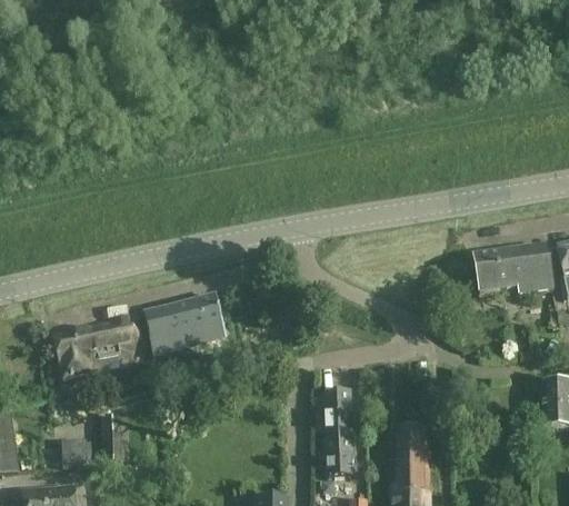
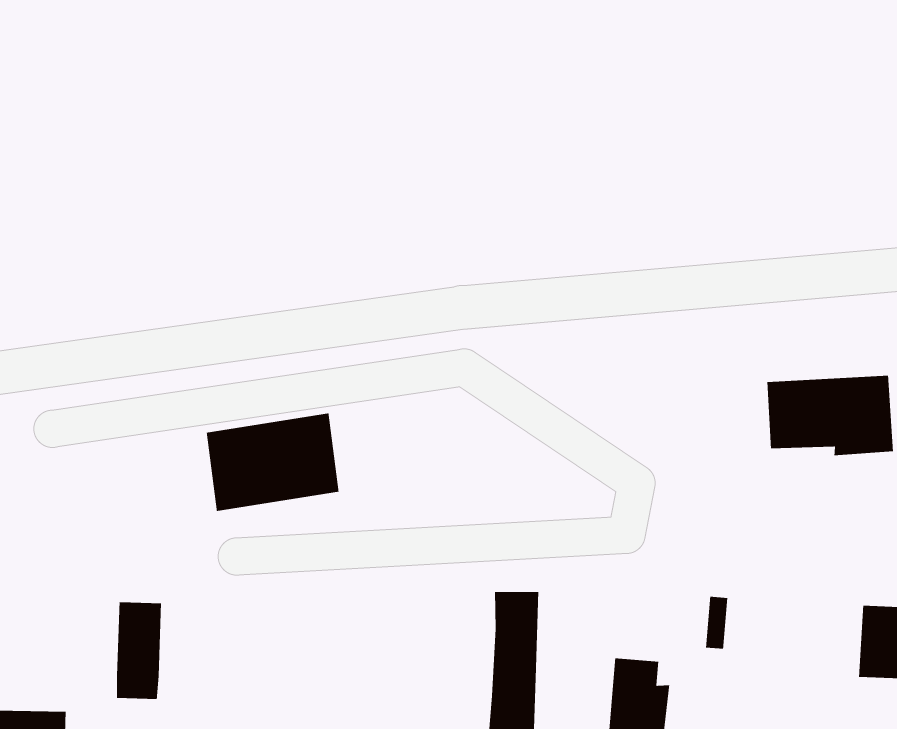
building: [52,314,146,375] -> none
building: [61,437,91,468] -> none

